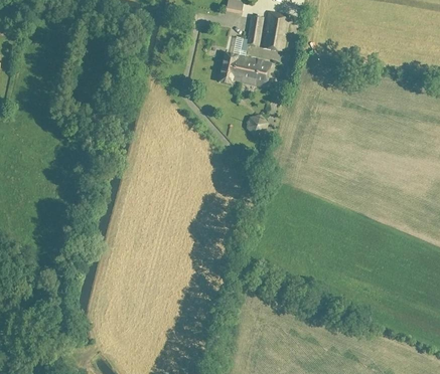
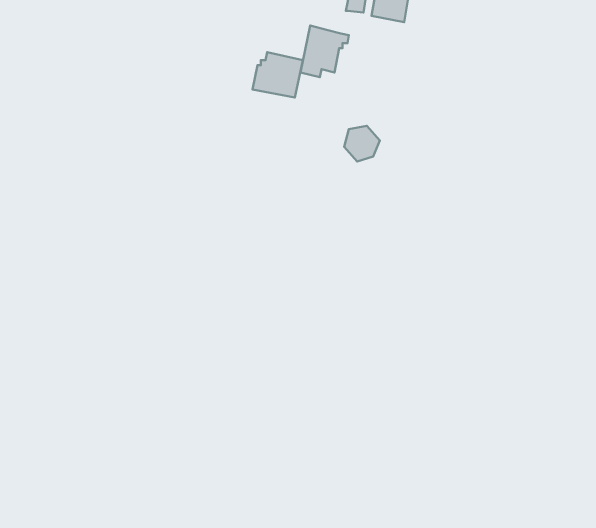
building: [241,57,272,85] -> [253,52,303,98]

